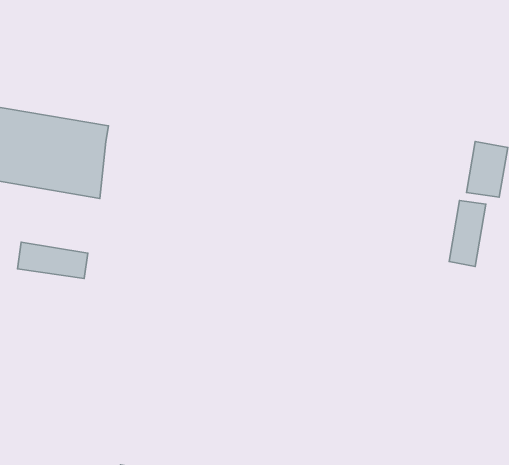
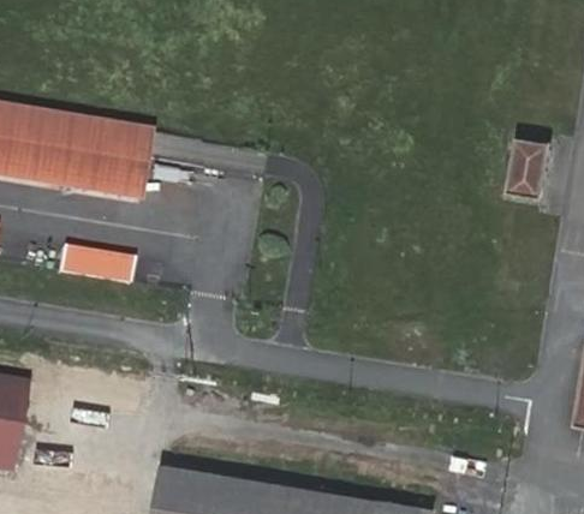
building: [449,200,486,267] -> none

